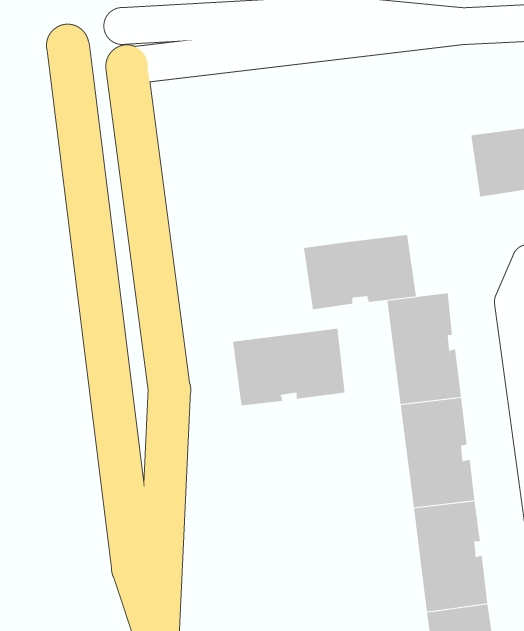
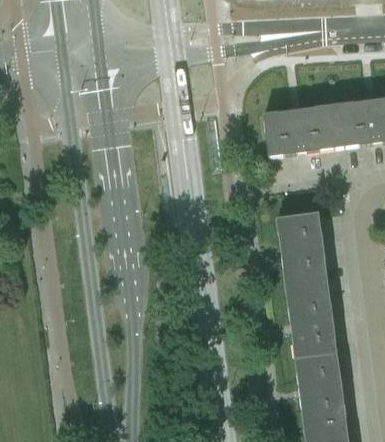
building: [303,235,417,310] -> [263,104,340,155]
building: [232,328,345,406] -> none

